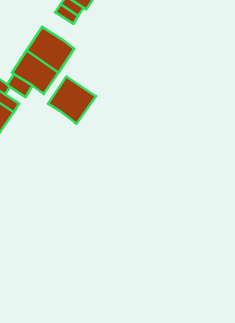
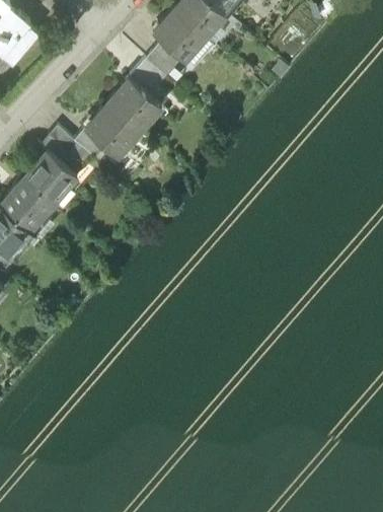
building: none -> [129,59,166,94]
building: [48,77,96,124] -> none

